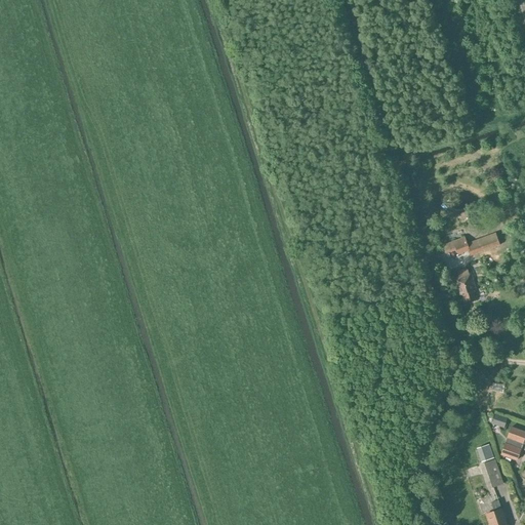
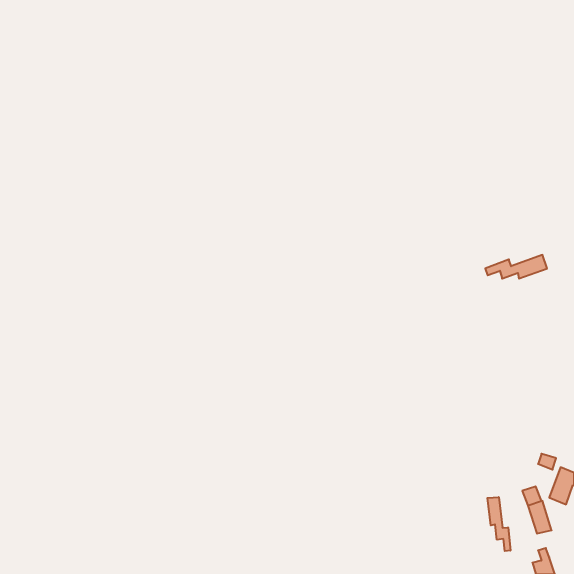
building: [453,269,476,301] -> none
building: none -> [487,497,510,551]

